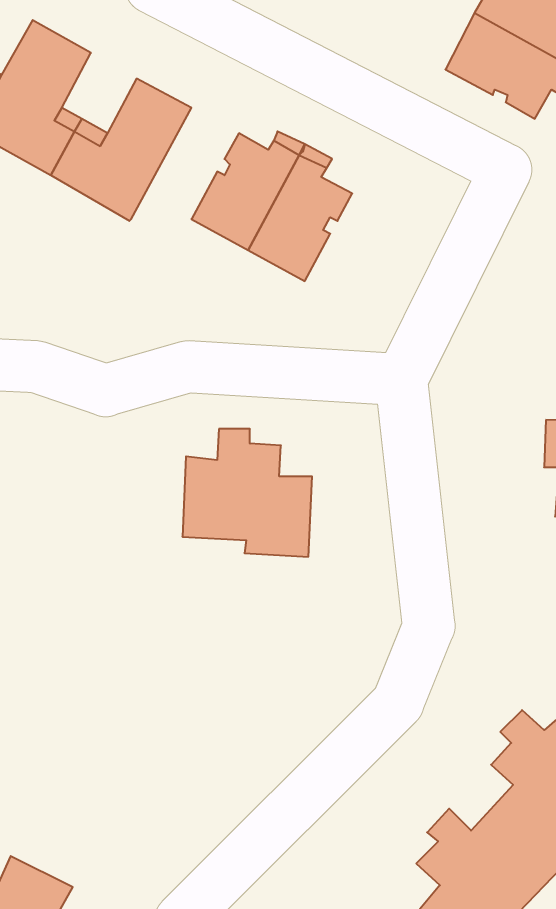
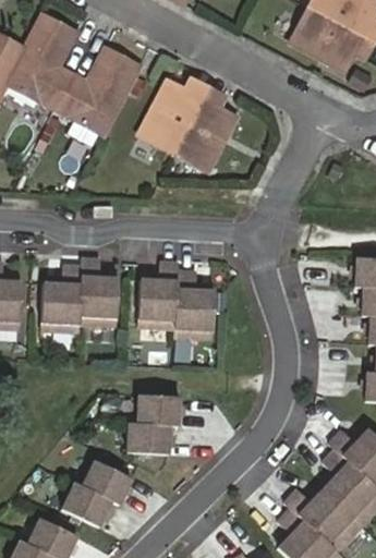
building: none -> [40,257,118,330]
building: none -> [121,392,174,451]
building: none -> [57,458,126,525]

